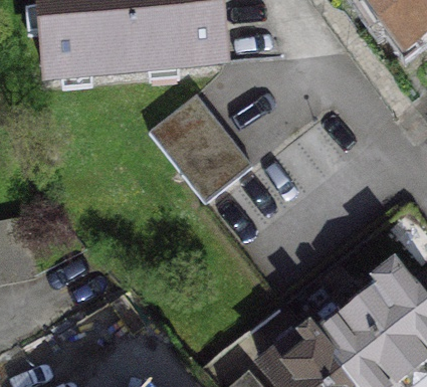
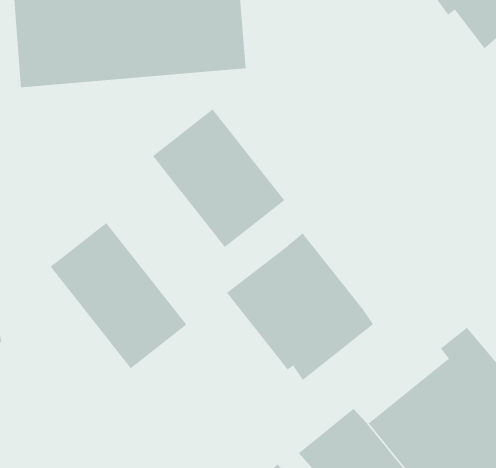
building: none -> [50,222,187,369]
building: none -> [226,232,374,381]

